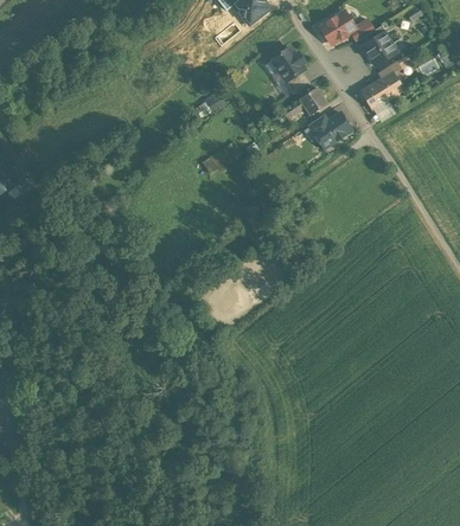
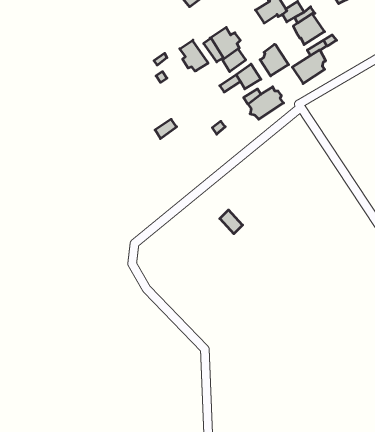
building: none -> [180,40,208,71]
building: none -> [260,44,289,76]

